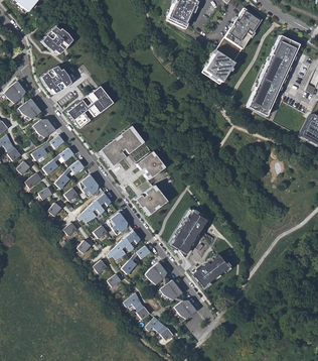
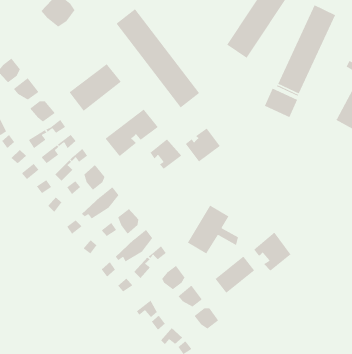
building: none -> [116,8,200,109]
building: [41,65,71,94] -> none
building: none -> [264,87,298,118]
building: [136,185,167,215] -> [185,128,221,162]
building: none -> [253,231,292,271]

